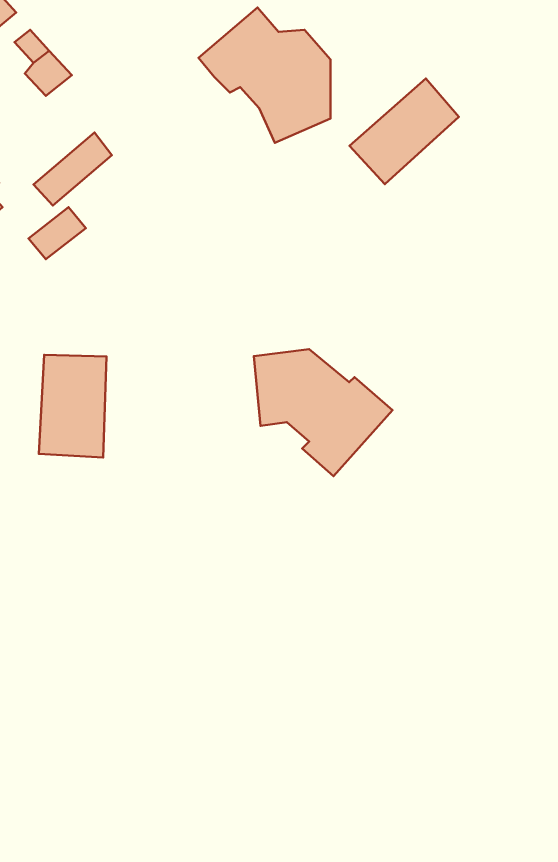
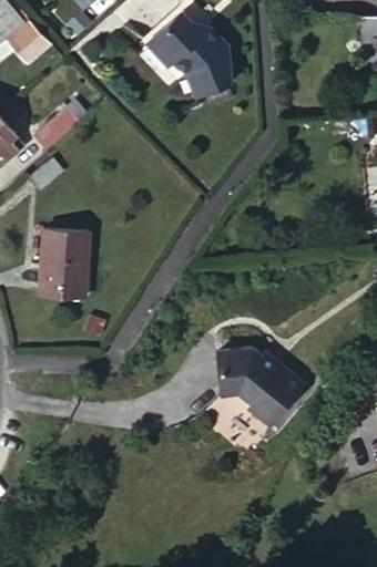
building: [349,78,459,184] -> none
building: [254,349,393,476] -> [220,348,308,429]

